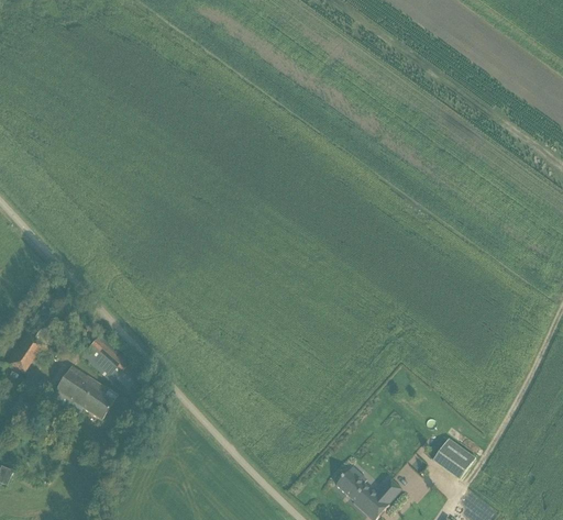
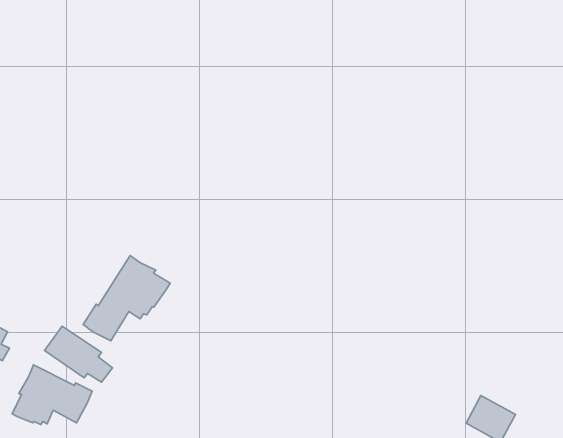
building: none -> [83,255,170,341]

